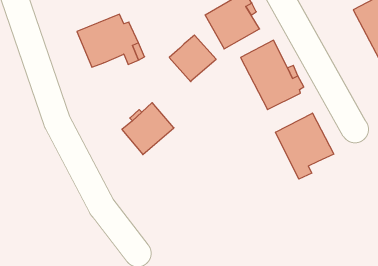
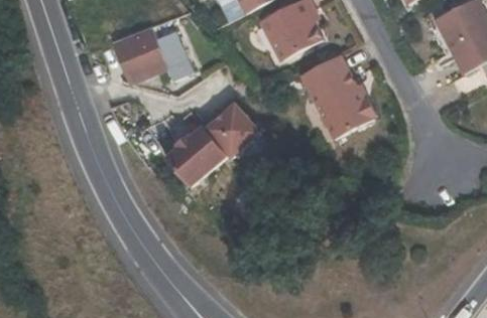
building: [169,35,216,82] -> [205,104,259,158]
building: [276,113,334,179] -> none

